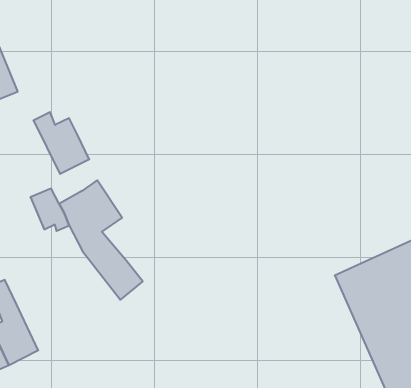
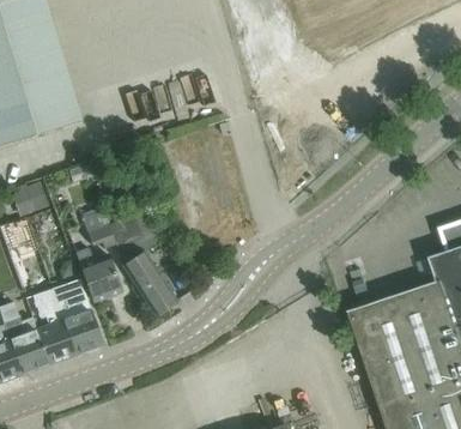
building: [33,112,89,174] -> [74,247,121,303]
building: none -> [62,279,103,355]

